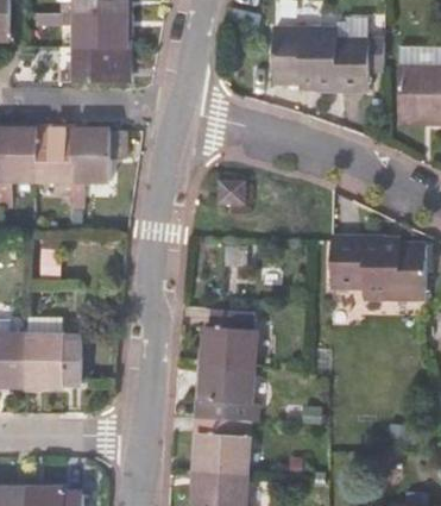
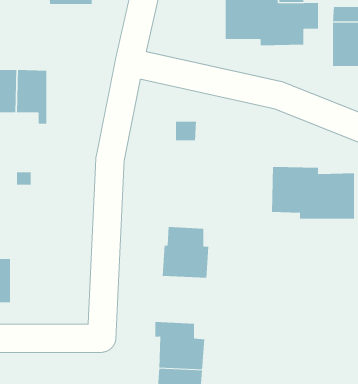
building: [59,49,124,85] -> none
building: [71,125,124,200] -> none
building: [30,327,84,394] -> none
building: [195,362,260,417] -> none

